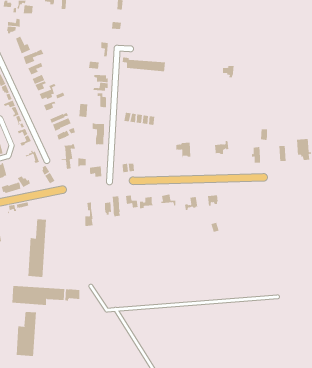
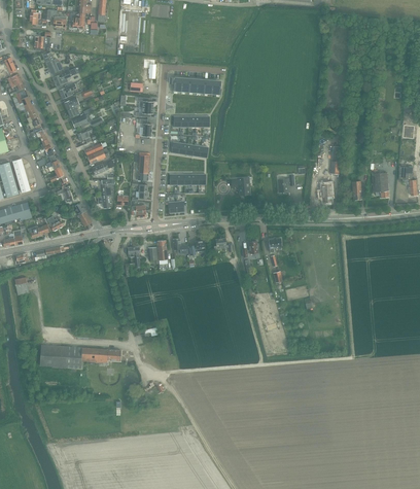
building: [28,219,47,278] -> none
building: [16,311,36,357] -> none

